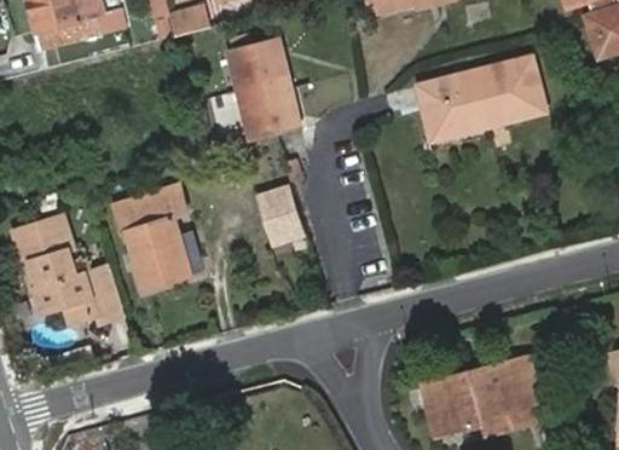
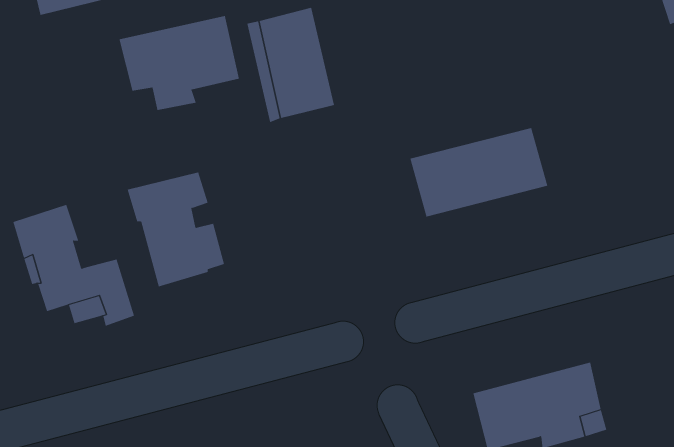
building: none -> [119,15,240,111]
building: [420,58,543,138] -> [409,127,548,217]
building: [260,188,306,244] -> none

